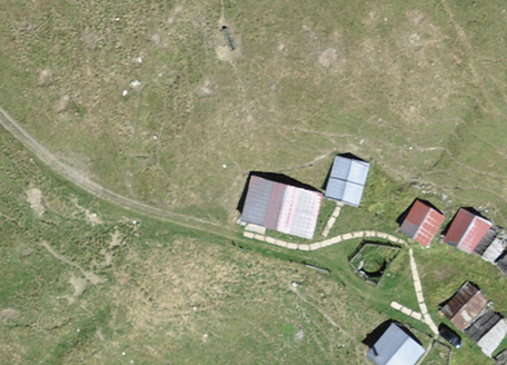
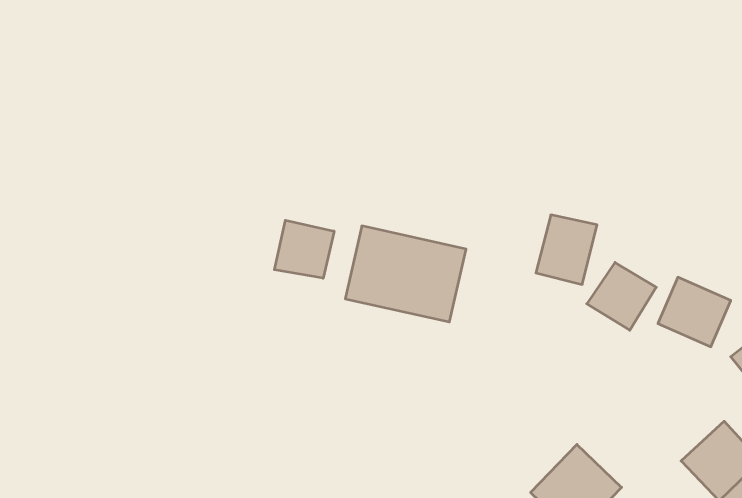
building: [327,156,368,203] -> [536,215,597,284]
building: none -> [274,220,334,278]
building: [440,280,493,333] -> none

